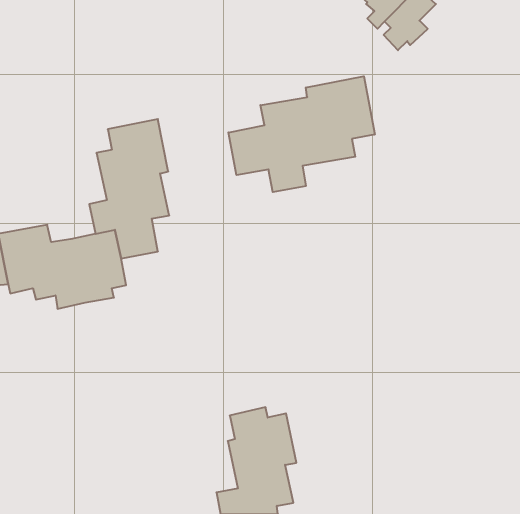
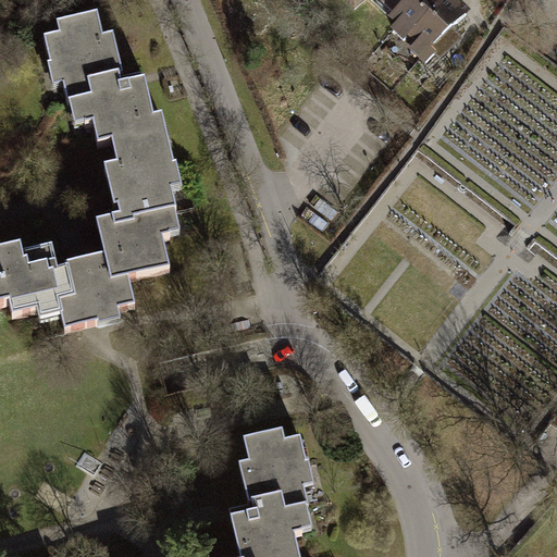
building: none -> [42,7,168,140]
building: [228,76,375,192] -> none

